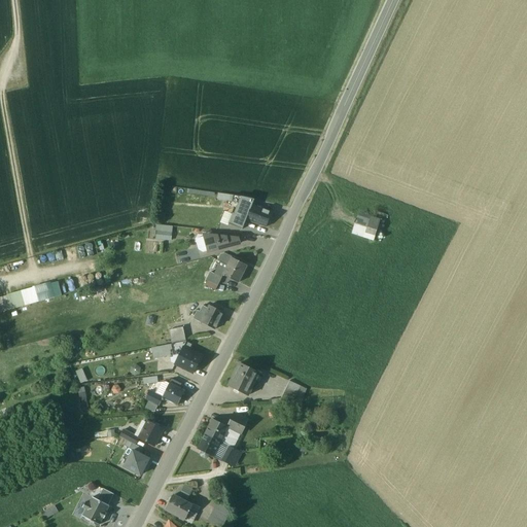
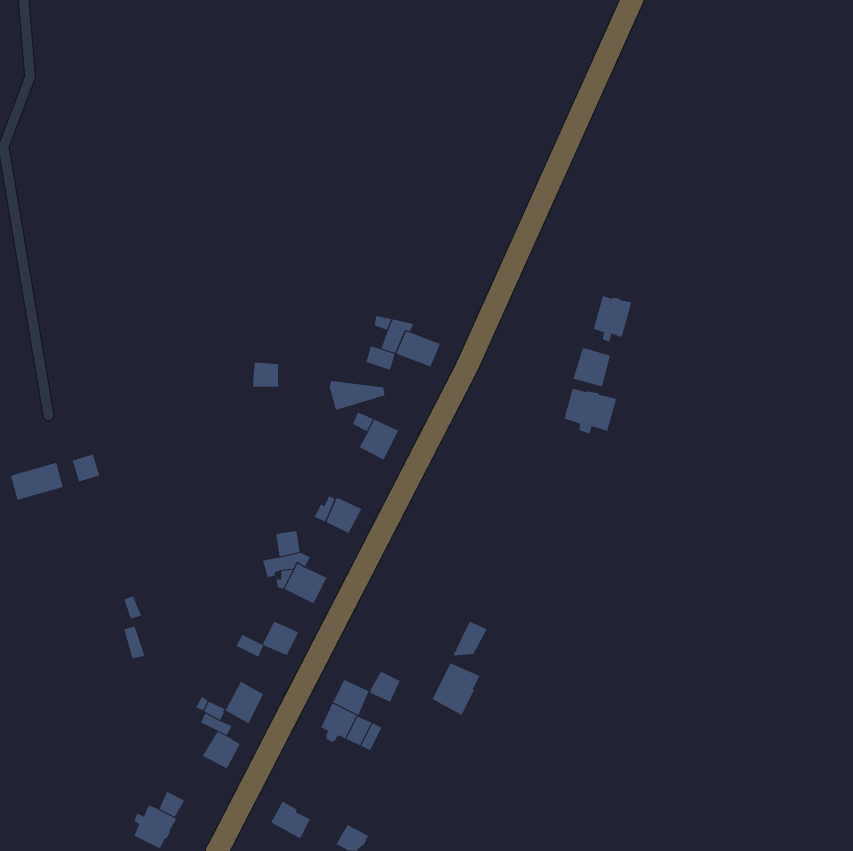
building: none -> [593,296,631,343]
building: none -> [564,388,616,434]
building: [229,363,258,396] -> [432,662,480,716]

